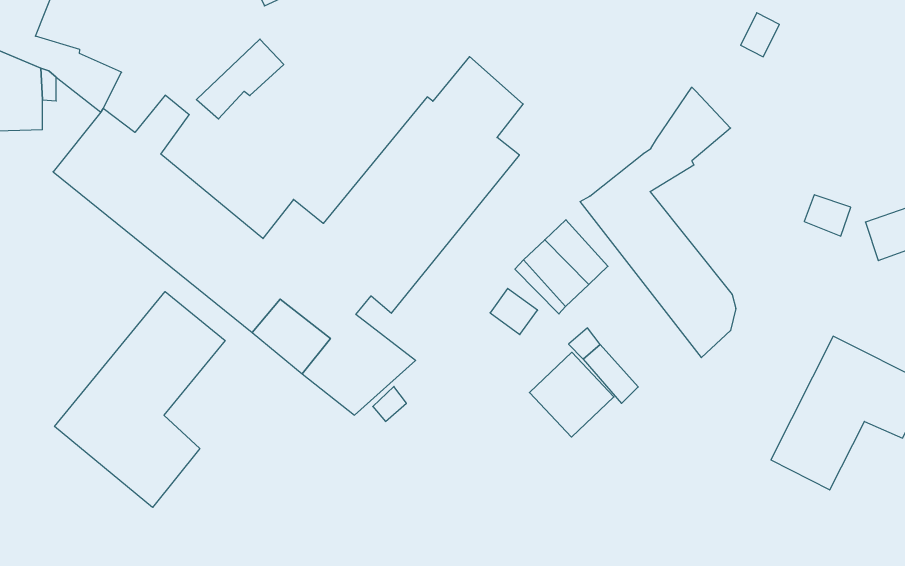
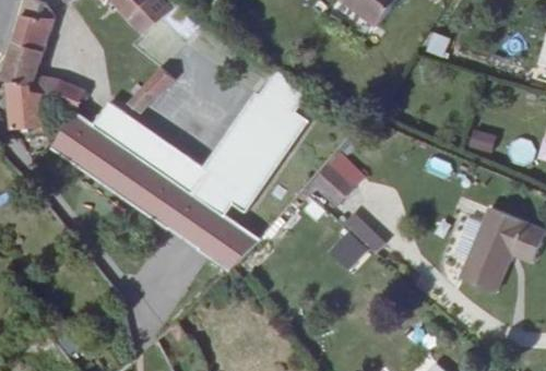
building: [580,87,736,358] -> none
building: none -> [109,111,185,177]
building: [55,292,225,507] -> none

